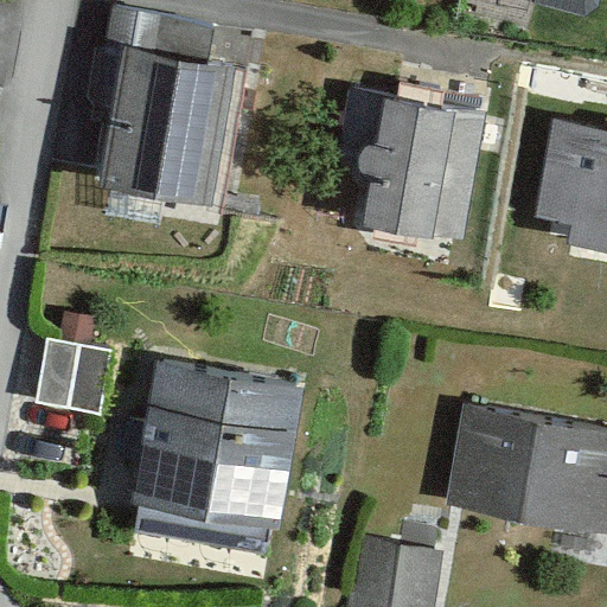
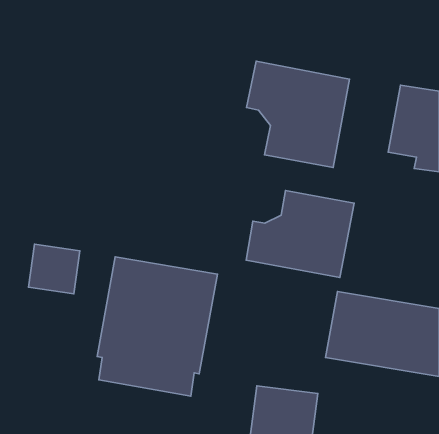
building: [97,21,242,202] -> none
building: none -> [246,190,354,277]

